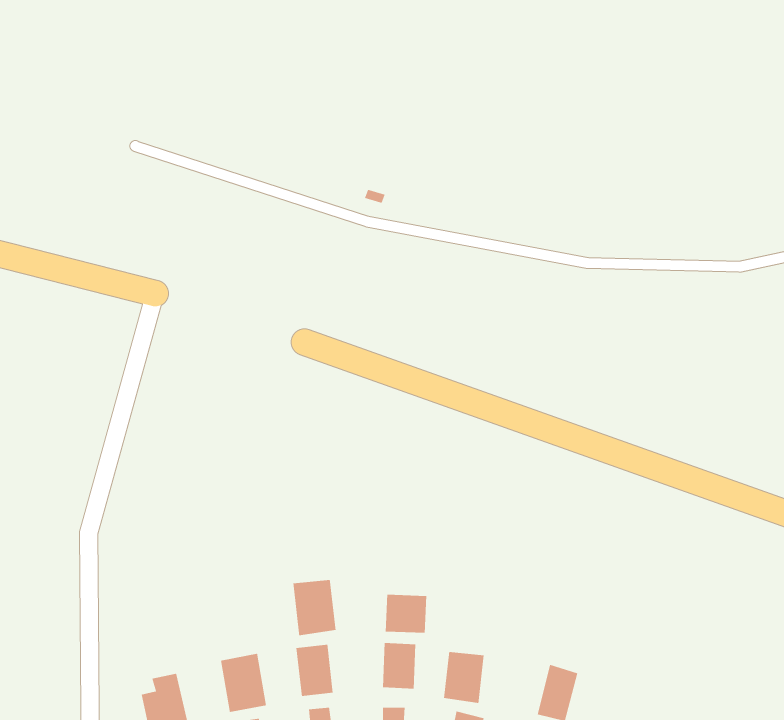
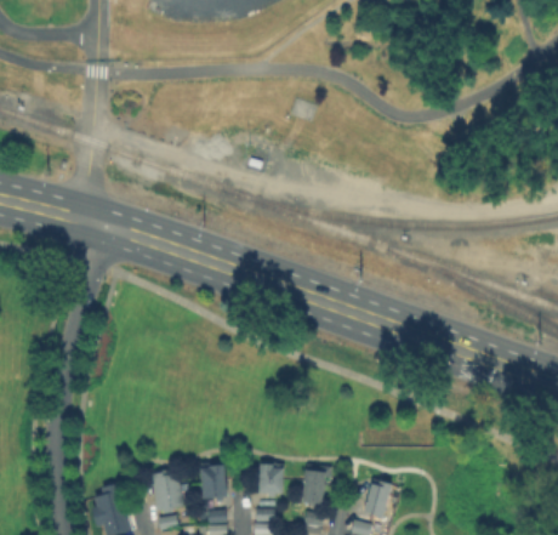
building: [293,579,336,636] -> none
building: [385,594,427,634] -> none

